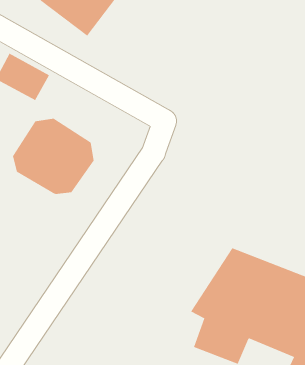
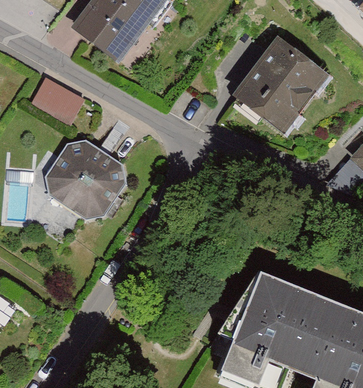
building: none -> [237,40,327,131]

